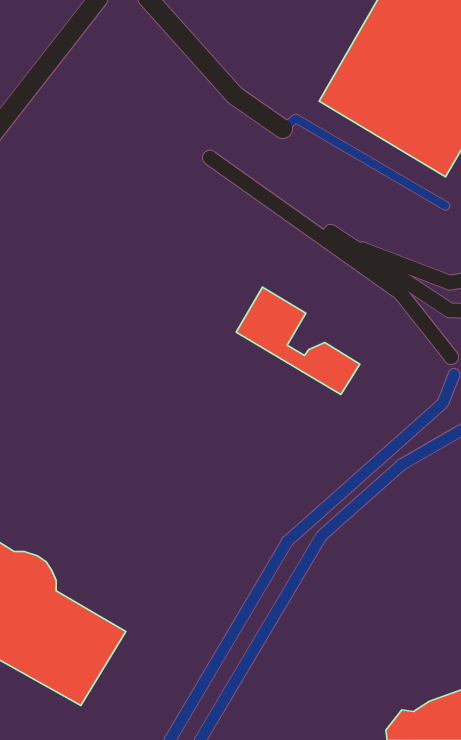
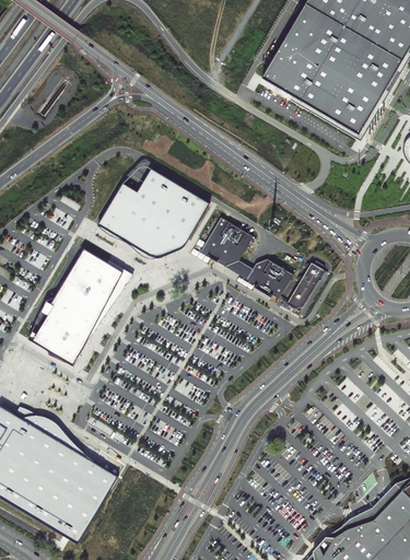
building: none -> [97,168,209,256]
building: none -> [33,248,127,369]
building: none -> [286,260,324,311]

